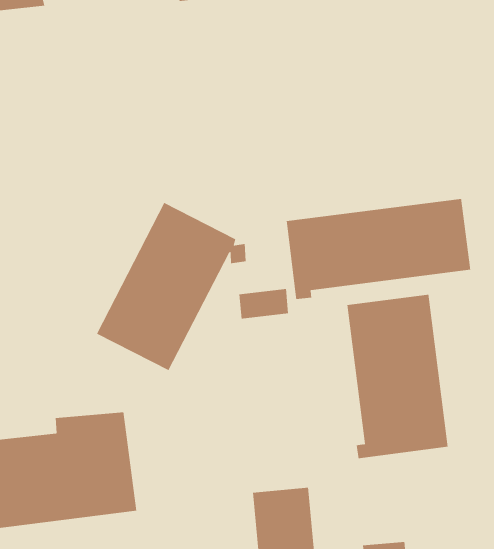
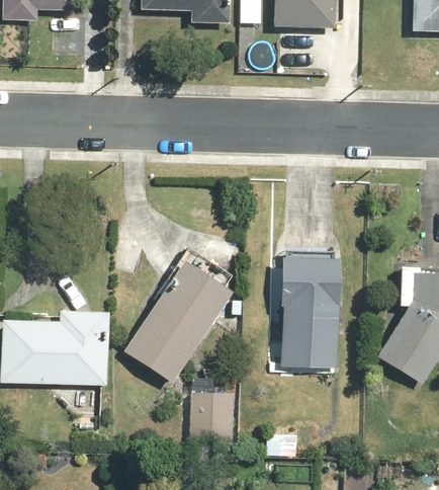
building: [286,198,471,300] -> none
building: [96,202,247,371] -> [125,261,243,384]

